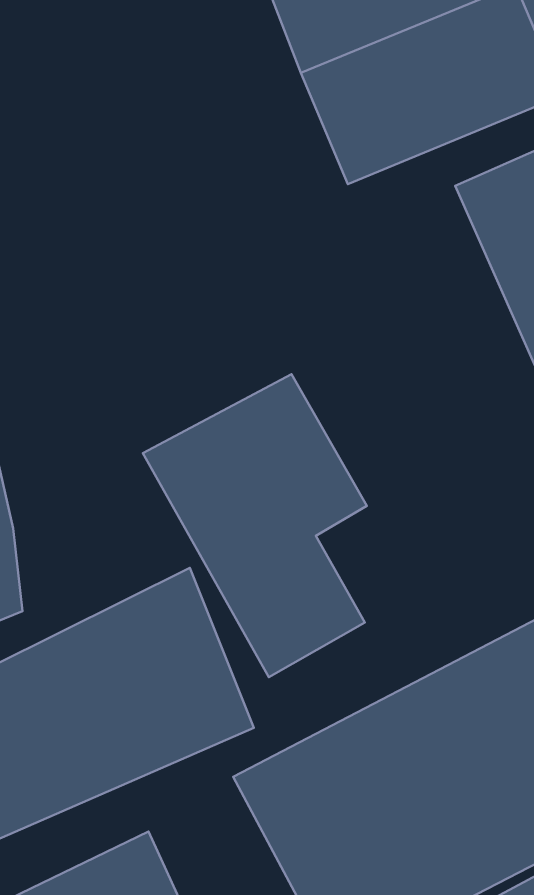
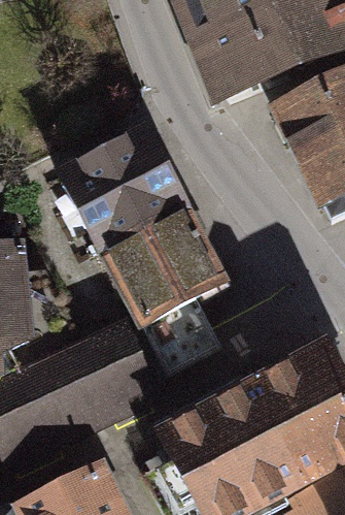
building: none -> [56,118,194,252]

